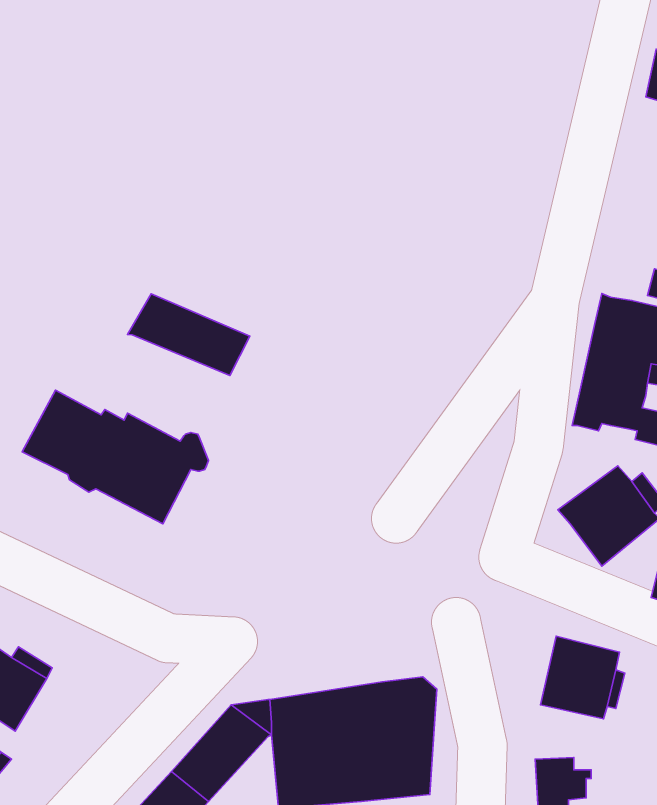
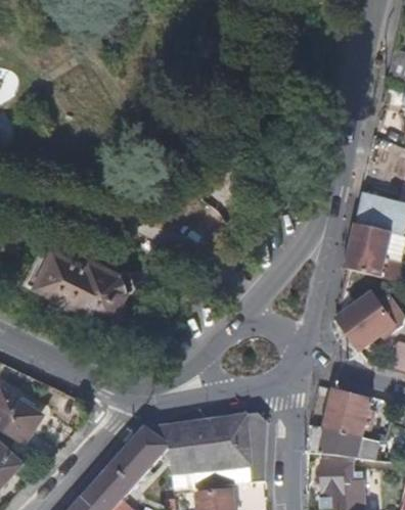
building: [128,294,250,376] -> none
building: none -> [308,424,380,459]

